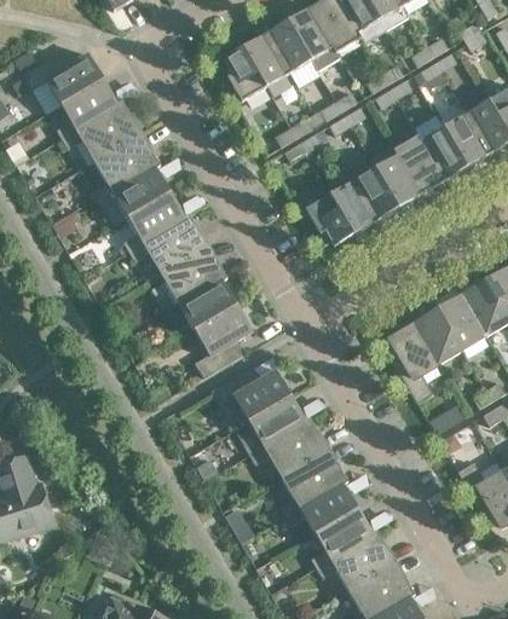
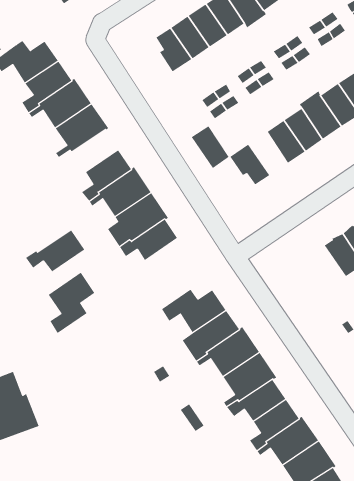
building: [97,166,171,216] -> [25,229,85,272]
building: [330,180,376,233] -> [191,125,230,169]
building: [195,303,253,377] -> [48,272,95,334]
building: [387,323,439,403] -> none

